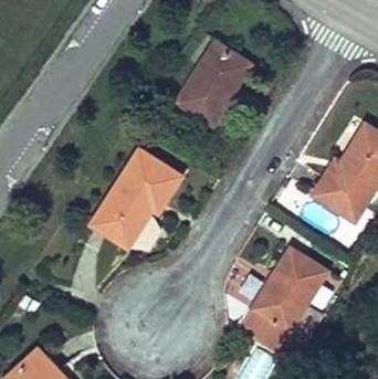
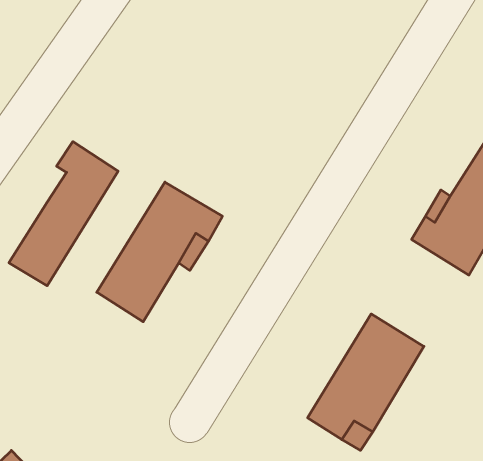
building: [177,42,252,127] -> none
building: none -> [9,142,118,286]

